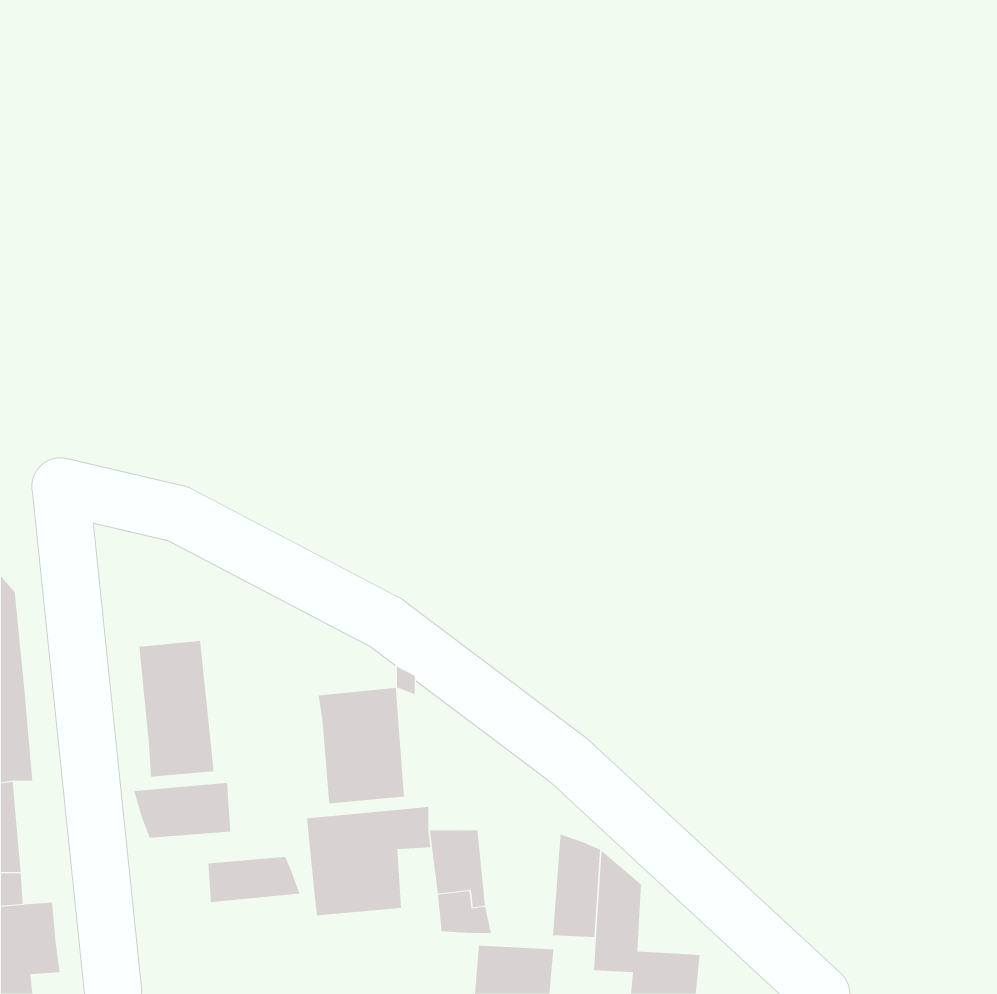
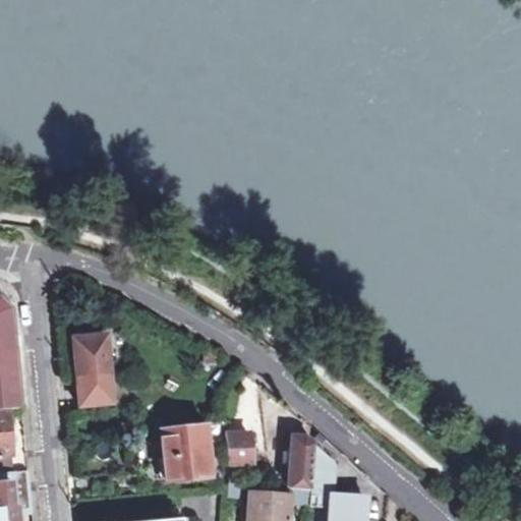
building: [318,687,404,804] -> none
building: [134,782,231,838] -> none
building: [208,856,300,903] -> none

